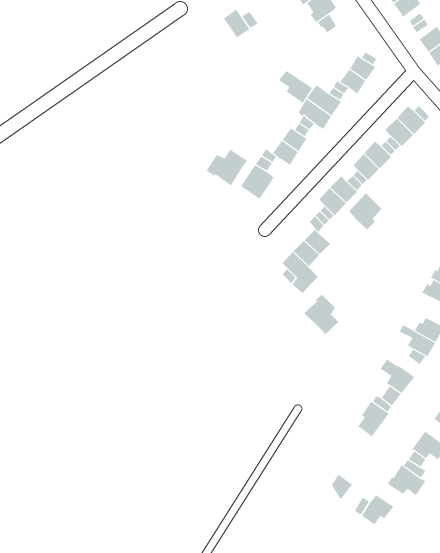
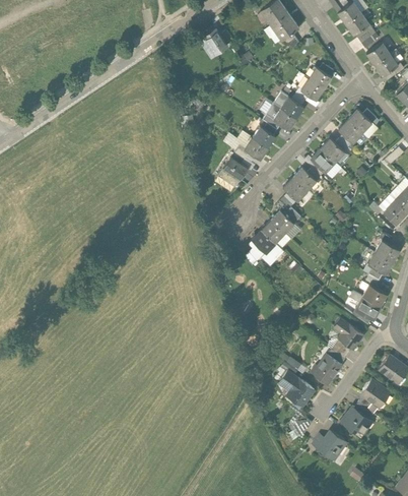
building: [278,70,313,104] -> none
building: [206,149,248,187] -> none
building: [348,192,382,231] -> none
building: [303,294,339,335] -> none
building: none -> [281,371,314,407]

